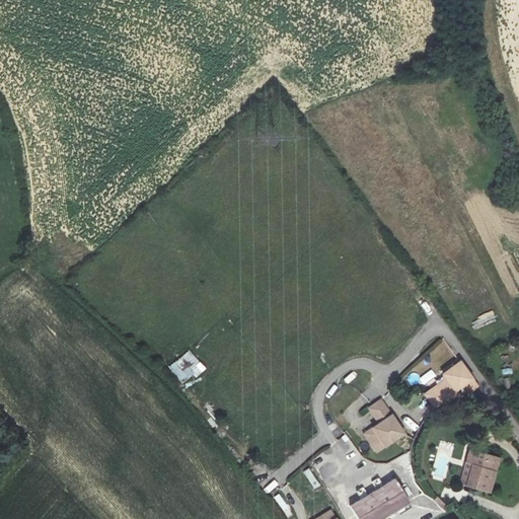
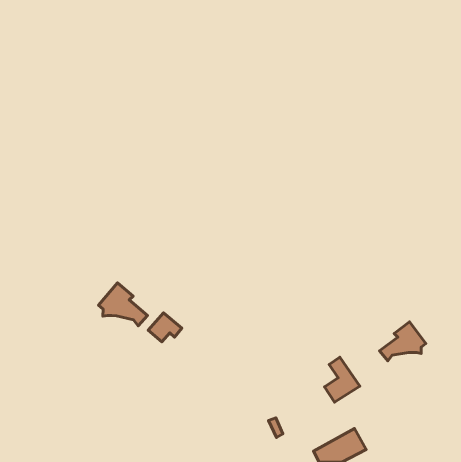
building: none -> [99,283,147,326]
building: [460,448,500,491] -> none

